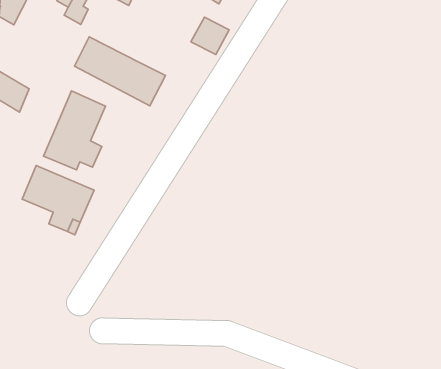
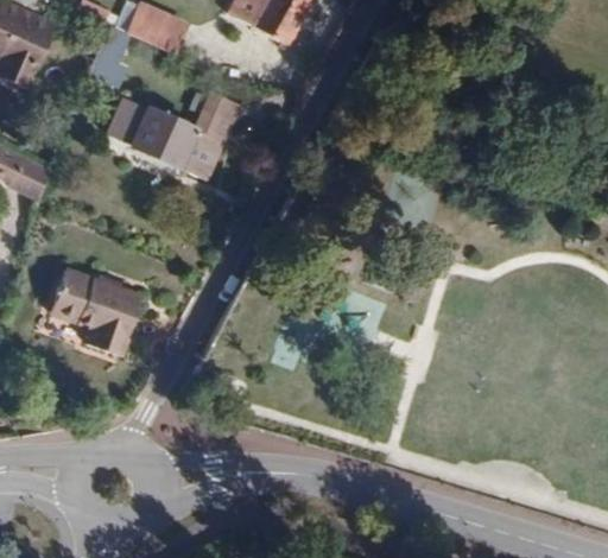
building: [191,17,229,55] -> [192,93,241,140]
building: [43,91,106,170] -> none

